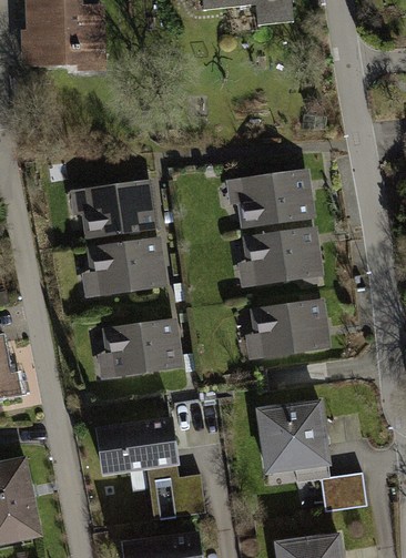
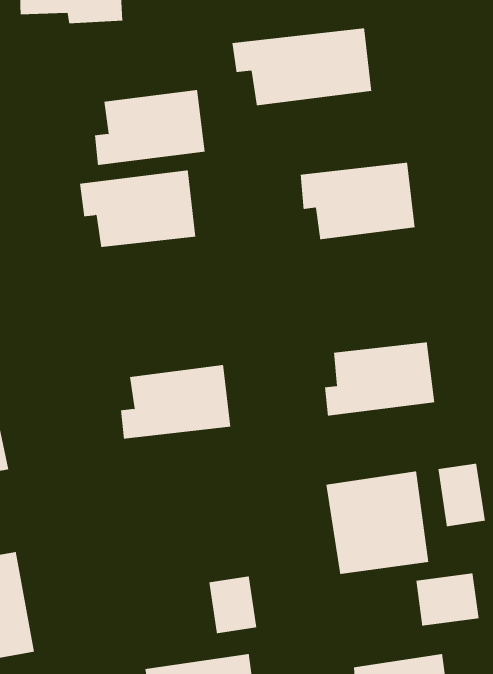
building: none -> [232,27,372,106]
building: [241,231,322,285] -> none
building: [83,237,164,293] -> [94,89,205,166]
building: none -> [438,463,485,527]
building: [91,416,174,475] -> none

